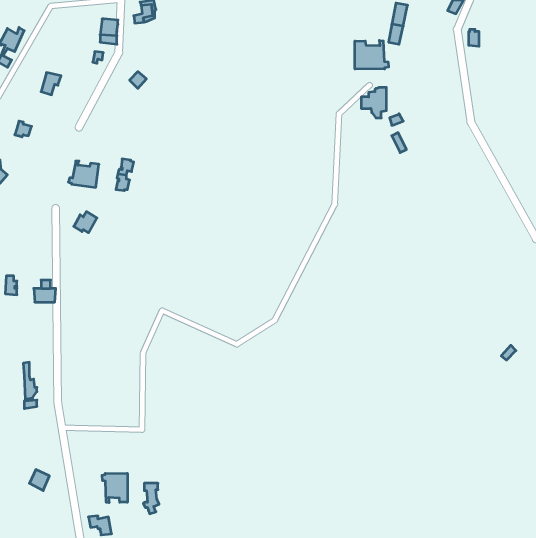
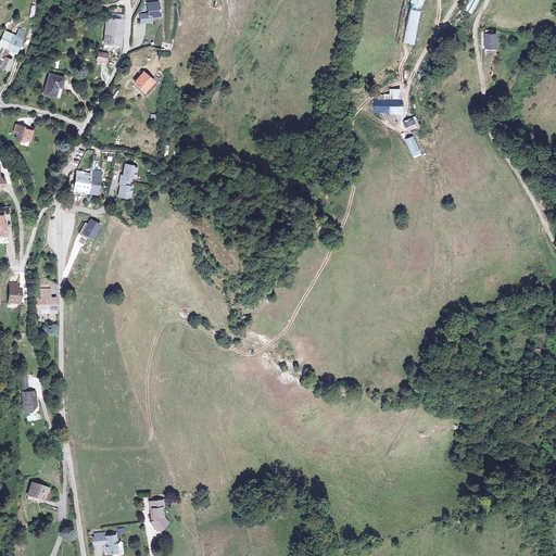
building: [355,40,389,69] -> none
building: [102,473,127,503] -> none

